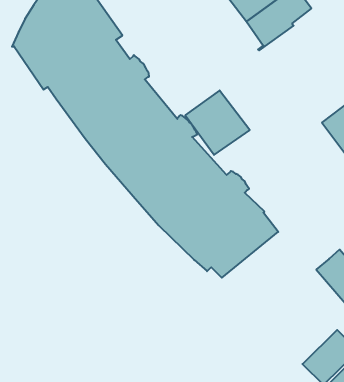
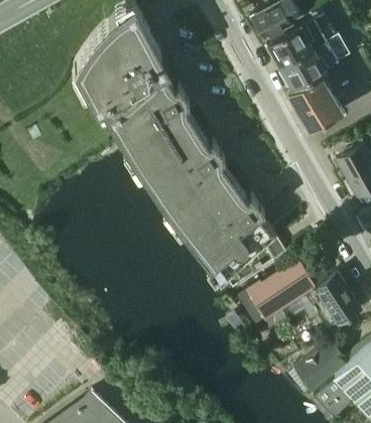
building: [185,90,250,155] -> [287,76,342,131]
building: none -> [243,259,328,319]

